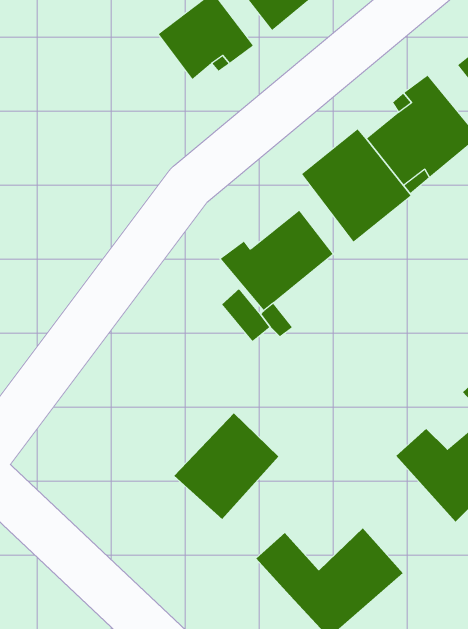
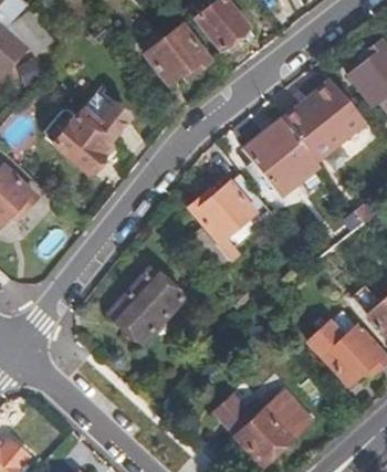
building: none -> [43,94,130,172]
building: [173,412,279,520] -> [109,268,181,340]

